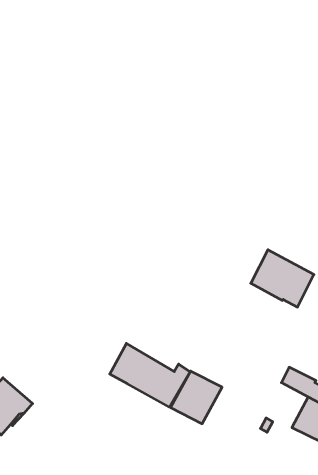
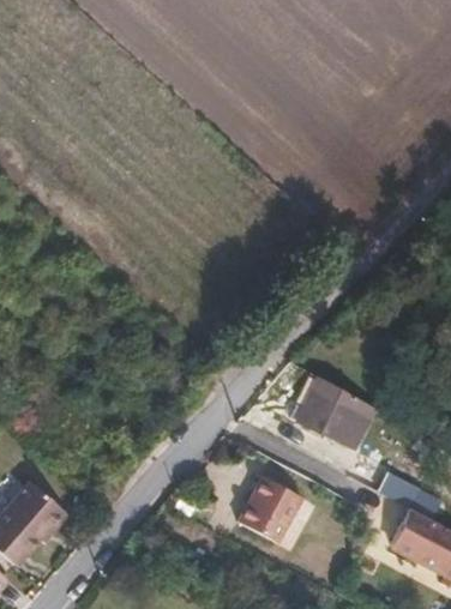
building: [251,250,314,307] -> [296,376,375,448]
building: [110,343,190,407] -> none

